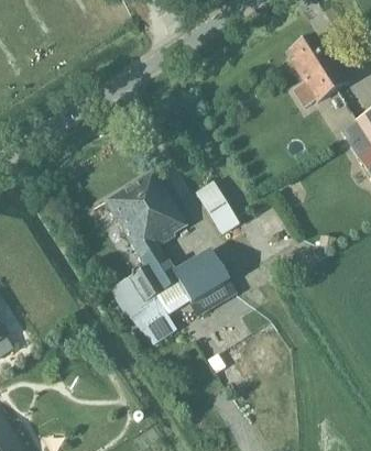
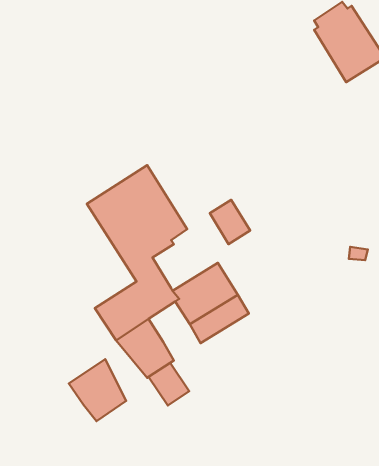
building: none -> [69,359,126,421]
building: none -> [149,363,189,405]

